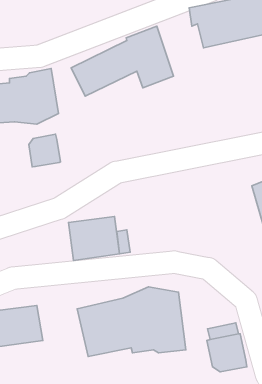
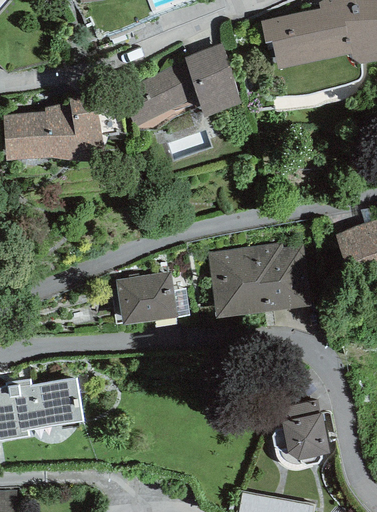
building: [29,134,60,167] -> none
building: none -> [208,243,312,318]
building: [77,287,186,357] -> none

